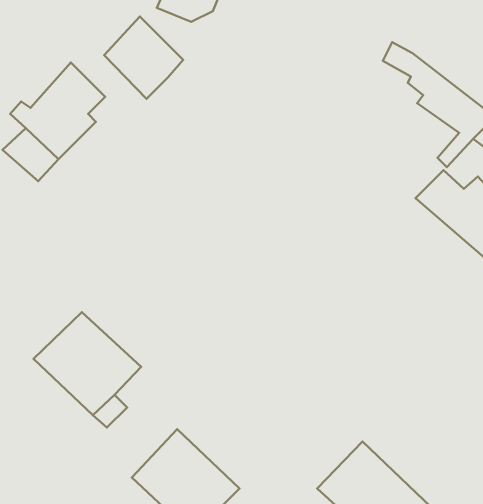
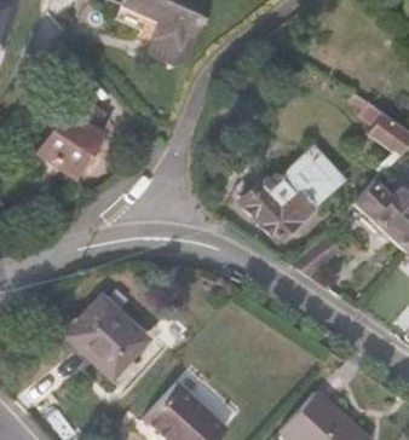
building: [104,17,183,99] -> none
building: none -> [243,151,336,237]

